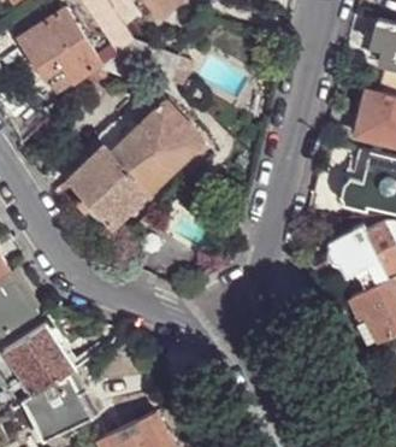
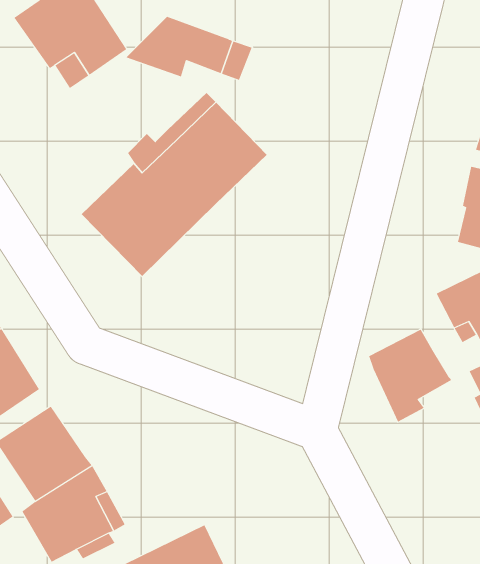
building: none -> [368,329,452,422]

